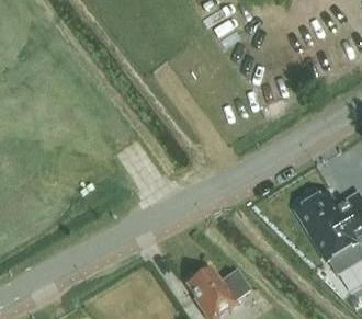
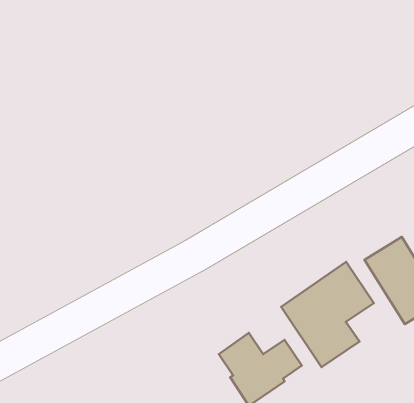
building: none -> [281,262,374,367]

